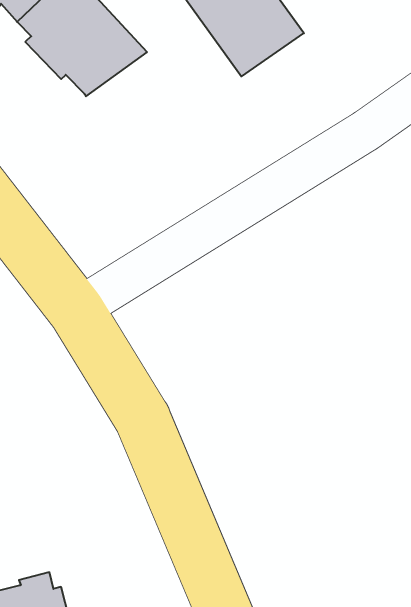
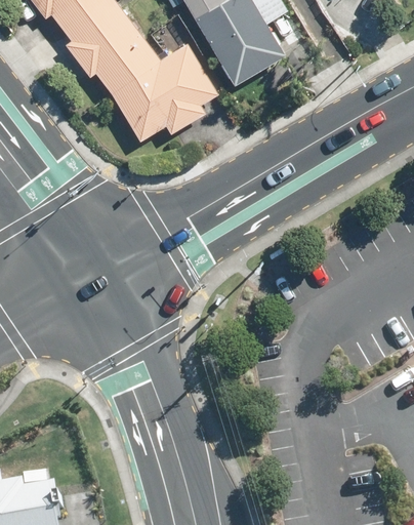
building: none -> [109,45,217,143]

